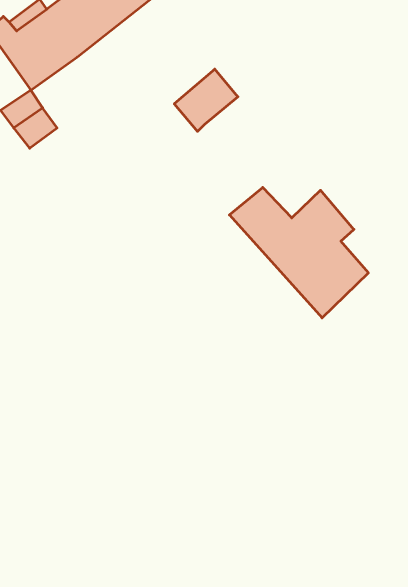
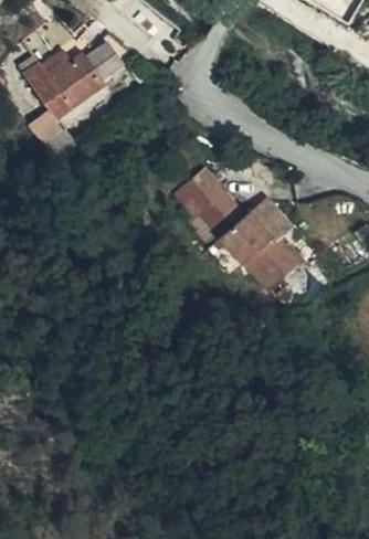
building: [174,69,238,131] -> [177,172,225,220]

